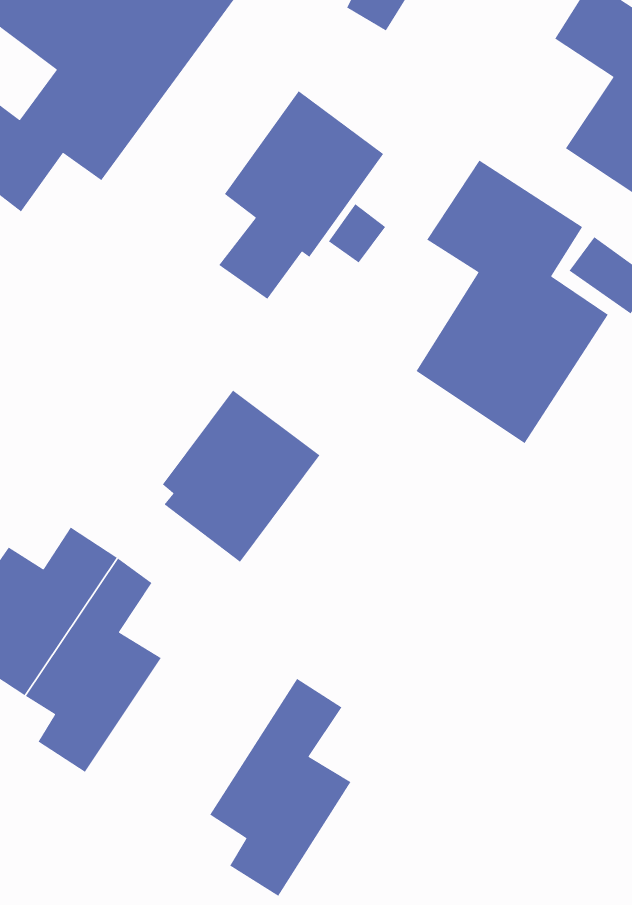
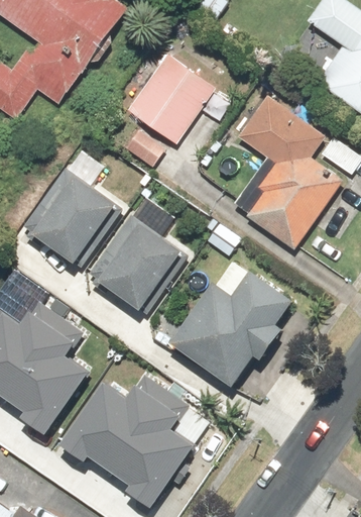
building: none -> [27,174,114,269]
building: none -> [169,270,294,389]
building: none -> [61,361,167,454]

